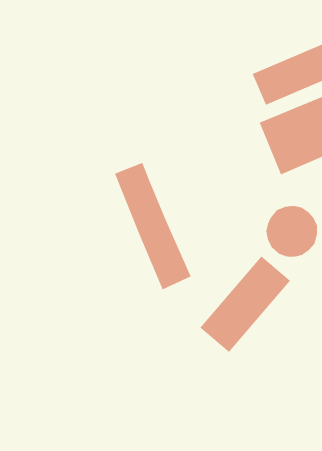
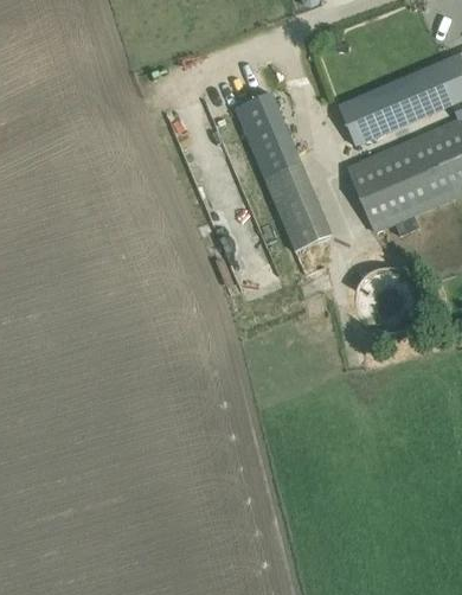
building: [114,162,192,290] -> [236,92,332,251]
building: [200,256,291,353] -> none

